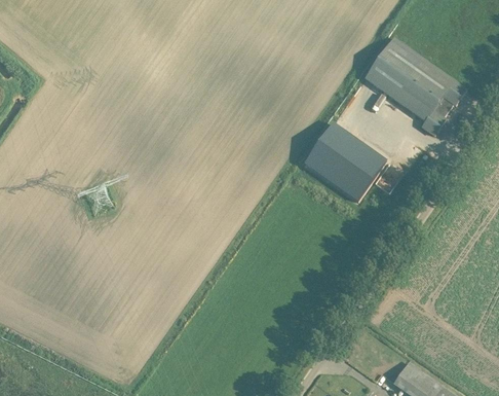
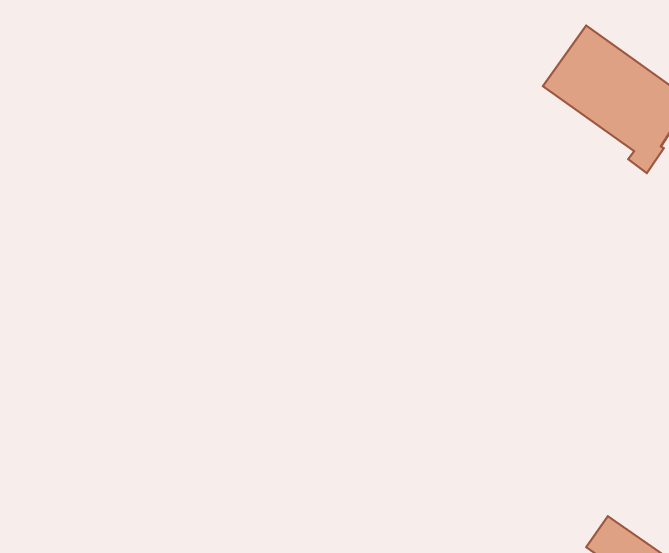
building: [304,123,385,201] -> none

